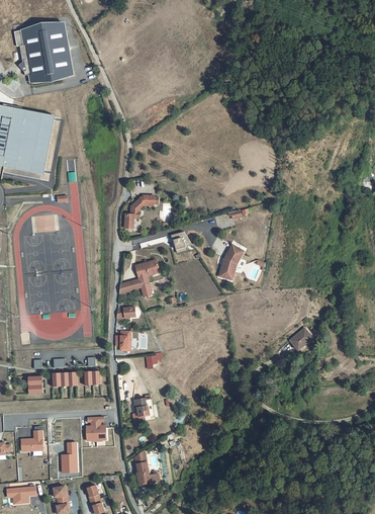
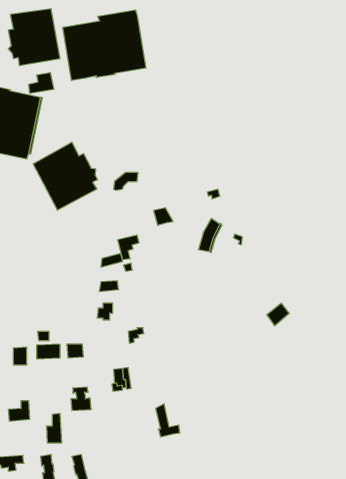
building: none -> [63,10,146,81]
building: none -> [29,72,54,93]
building: none -> [33,142,97,210]
building: [133,452,159,487] -> [156,404,180,437]

